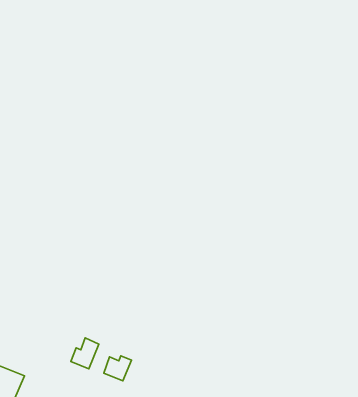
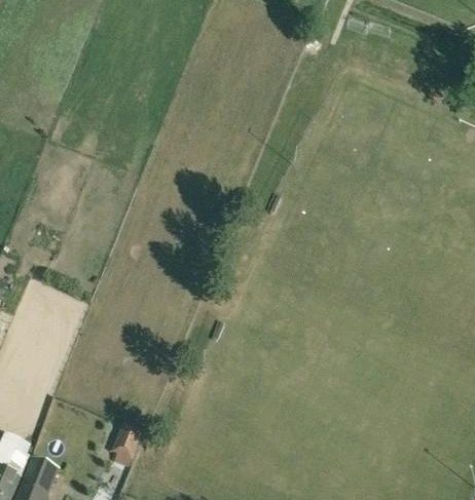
building: [104,356,131,381] -> none

